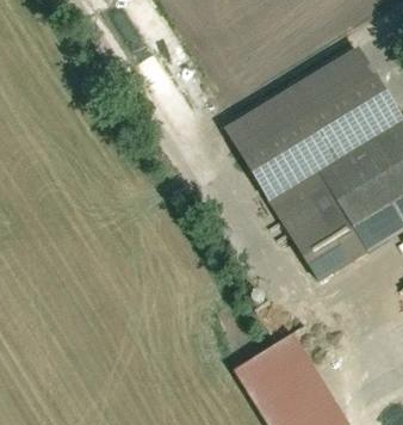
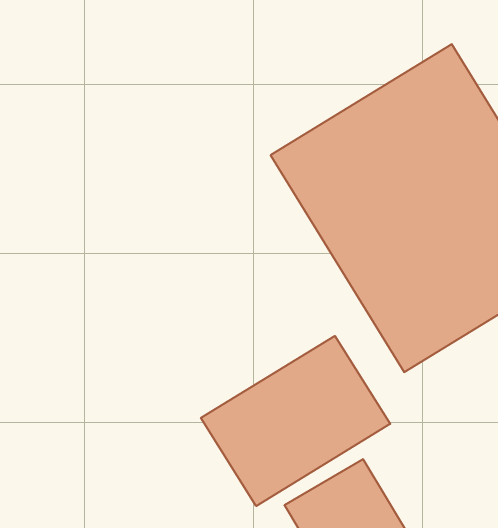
building: none -> [201,336,390,506]

